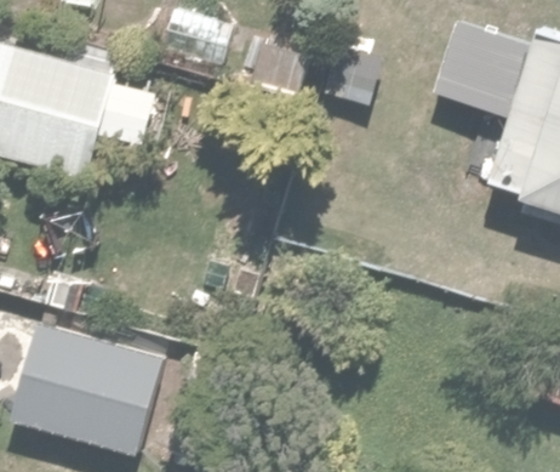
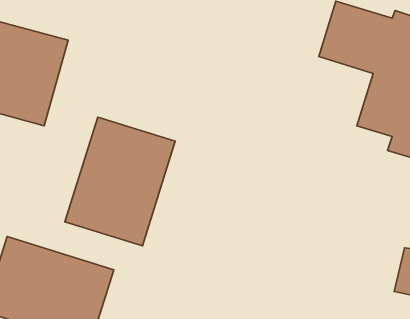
building: none -> [65,117,175,246]

